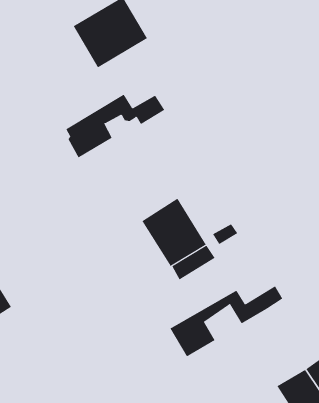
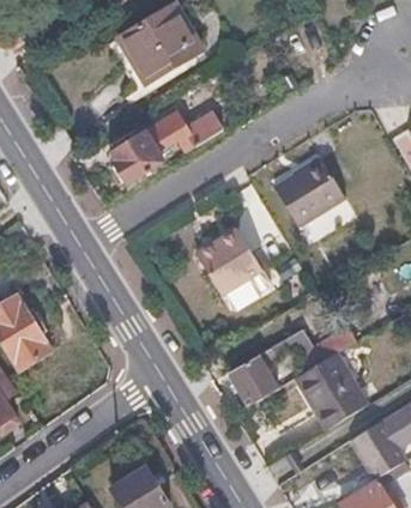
building: none -> [279,162,349,228]
building: none -> [294,351,368,428]

